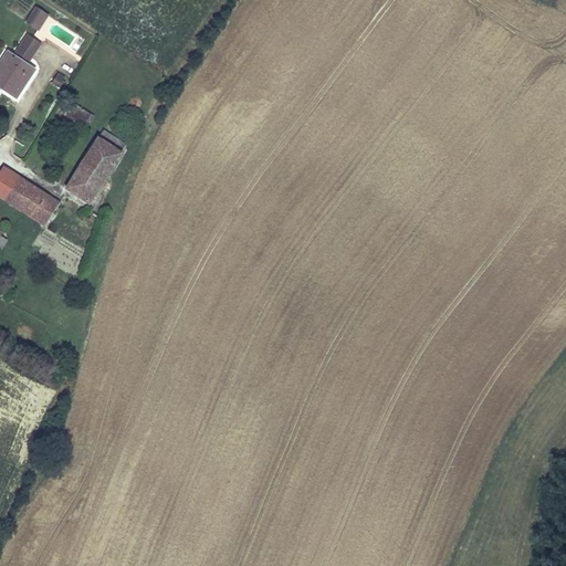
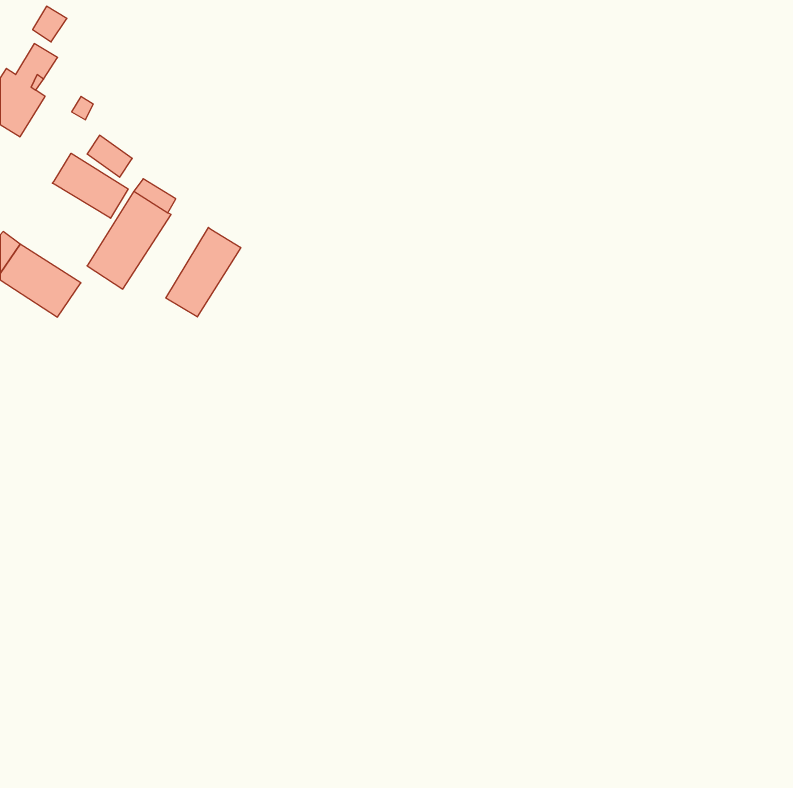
building: none -> [52,153,128,218]
building: none -> [166,227,241,317]

